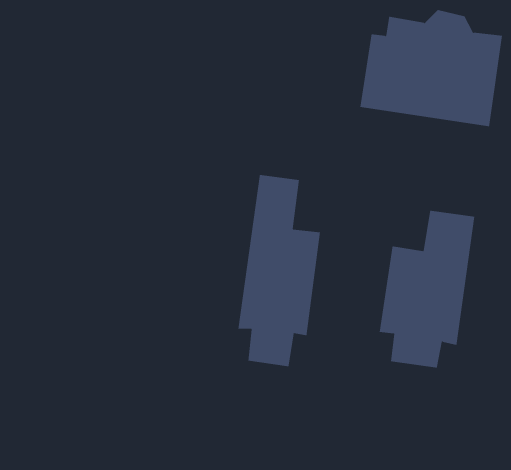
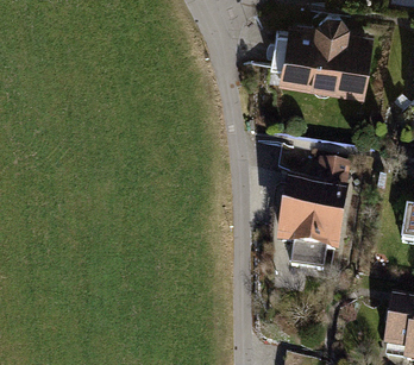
building: [238,174,320,367] -> none

